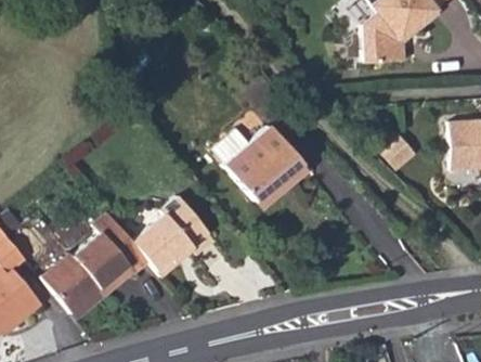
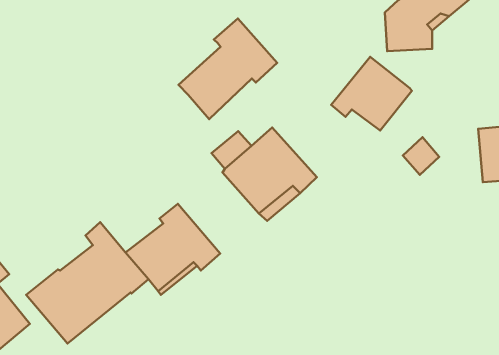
building: none -> [179,18,277,119]
building: none -> [331,57,412,131]

